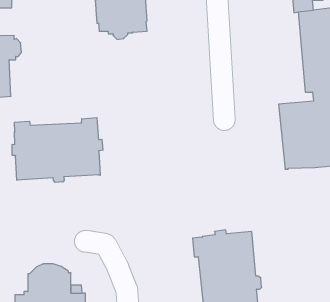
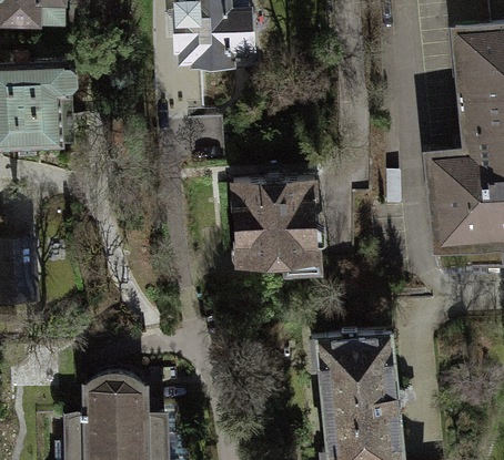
building: none -> [234,175,326,274]
building: [12,118,103,182] -> none

